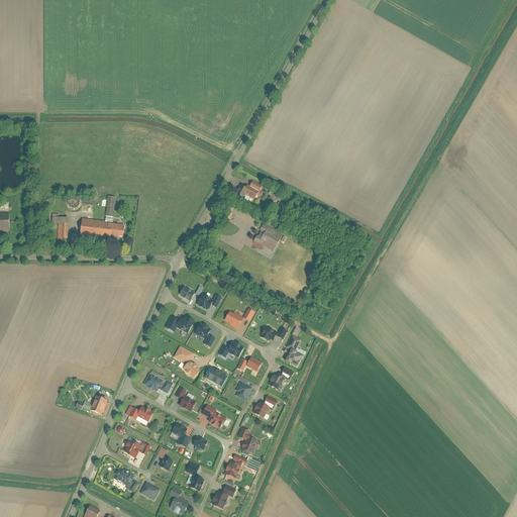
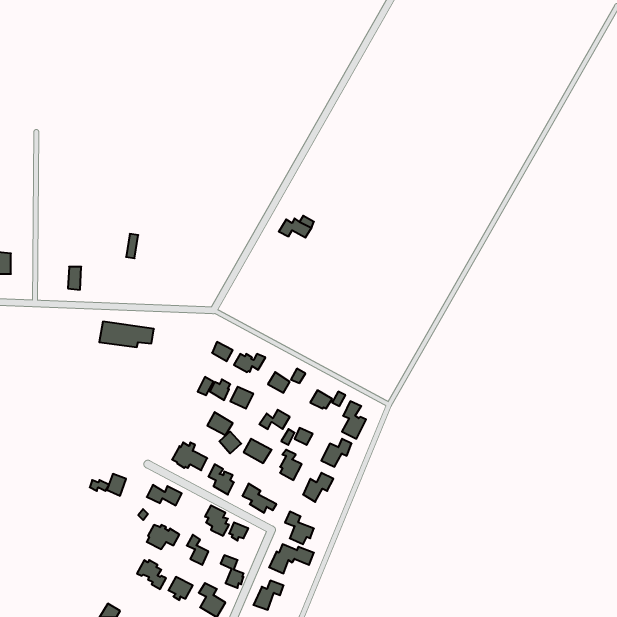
building: [80,217,125,238] -> [99,322,154,347]
building: [253,222,283,250] -> none

